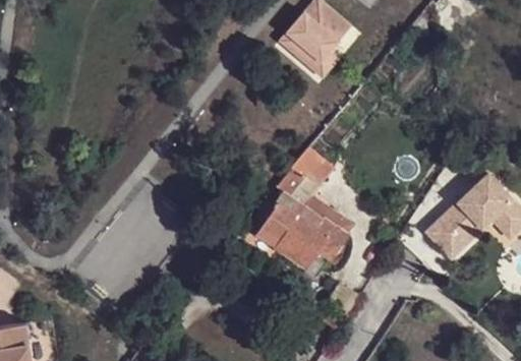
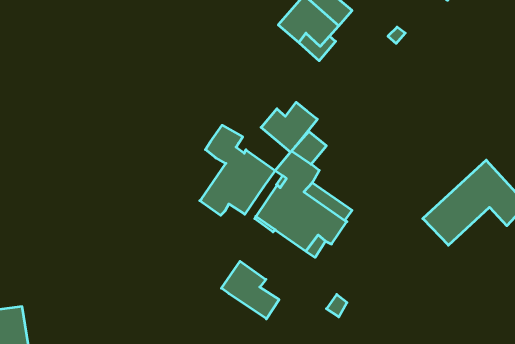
building: none -> [261,102,317,152]
building: none -> [200,125,275,215]
building: none -> [221,261,279,319]

